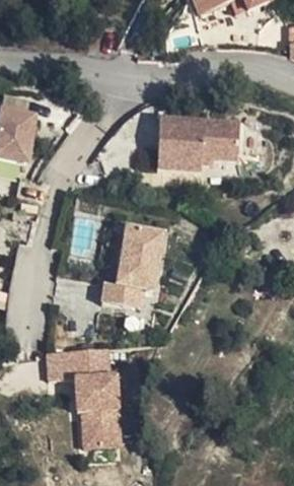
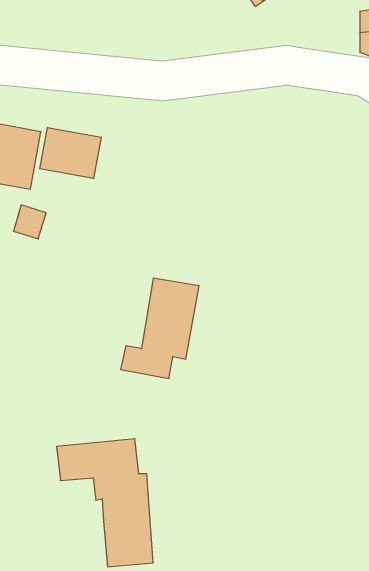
building: none -> [40,127,101,179]
building: [160,119,243,170] -> none

